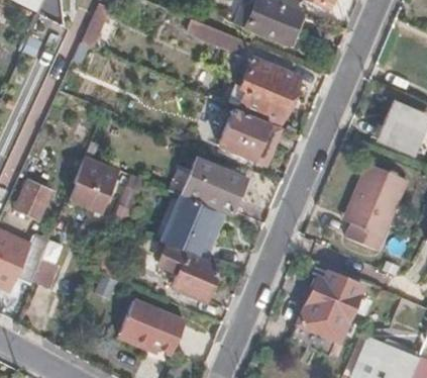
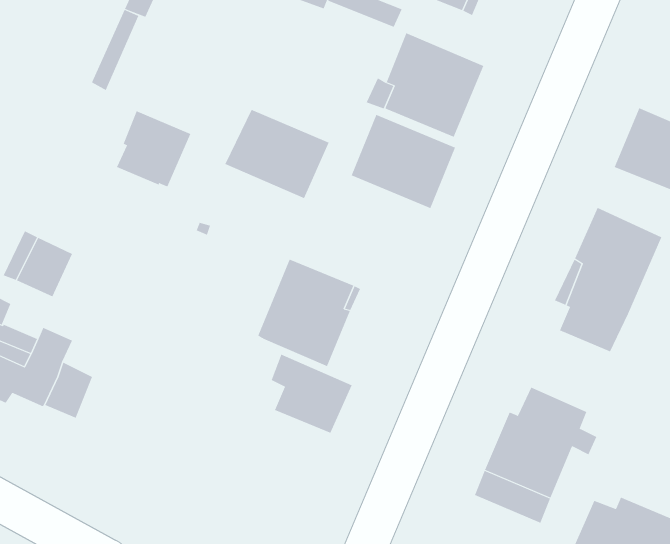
building: [182,158,245,212] -> [224,109,329,199]
building: [70,165,115,211] -> [116,111,191,187]
building: [116,296,183,350] -> none

